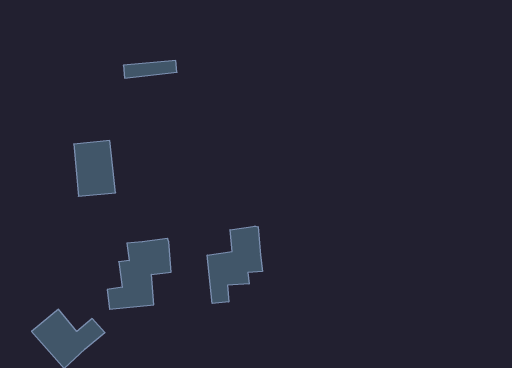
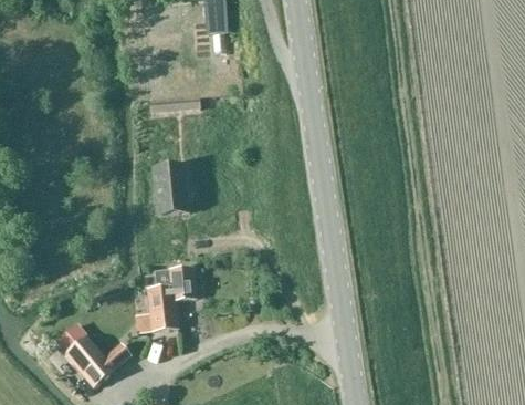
building: [74,141,116,196] -> [150,160,190,214]
building: [207,226,262,303] -> none

